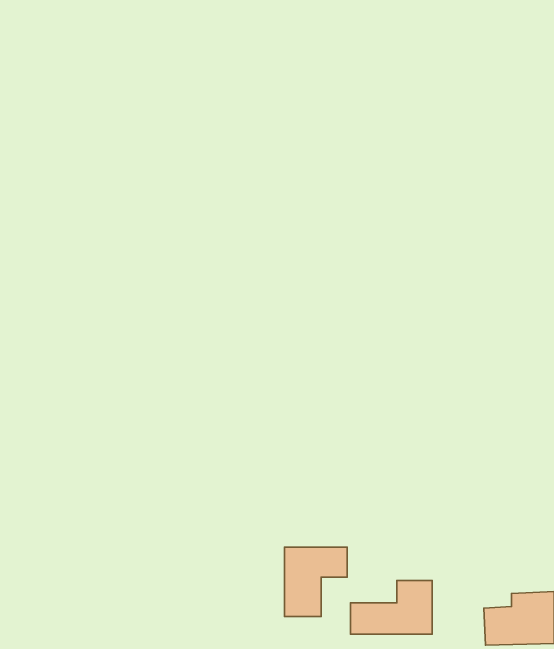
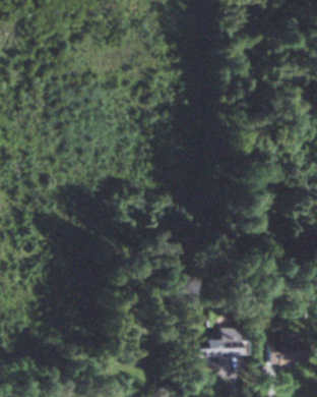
building: [285,547,347,616] -> none

